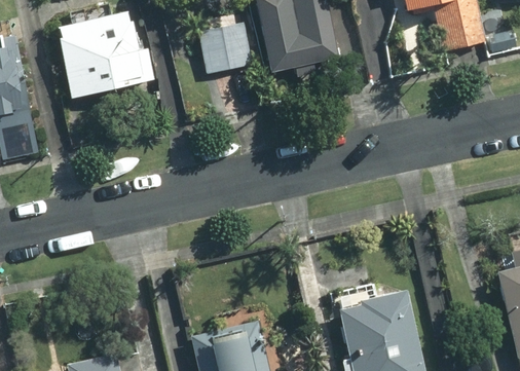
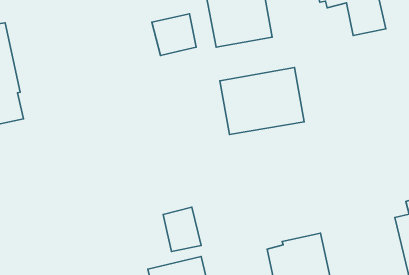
building: [55,12,153,98] -> none
building: none -> [220,68,304,134]
building: none -> [163,207,201,251]

